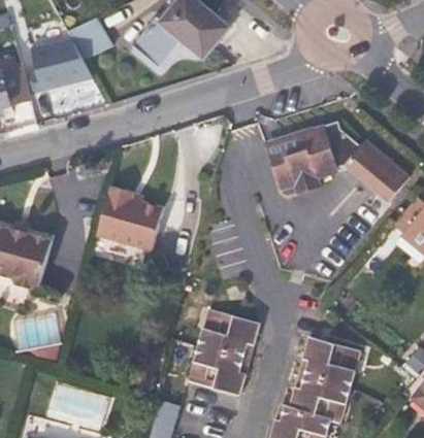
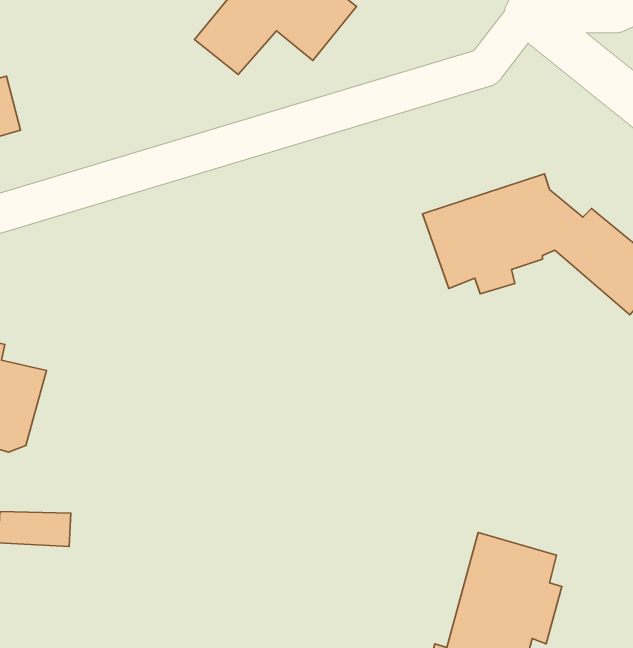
building: [35,31,95,86] -> none
building: [97,187,164,250] -> none
building: [195,312,258,393] -> none

